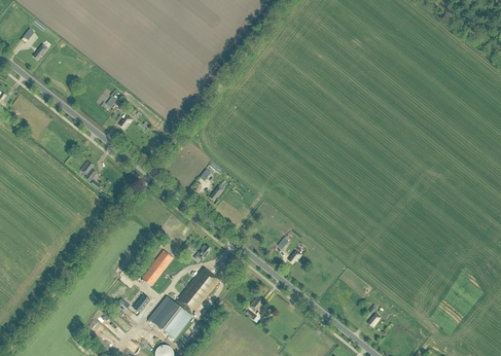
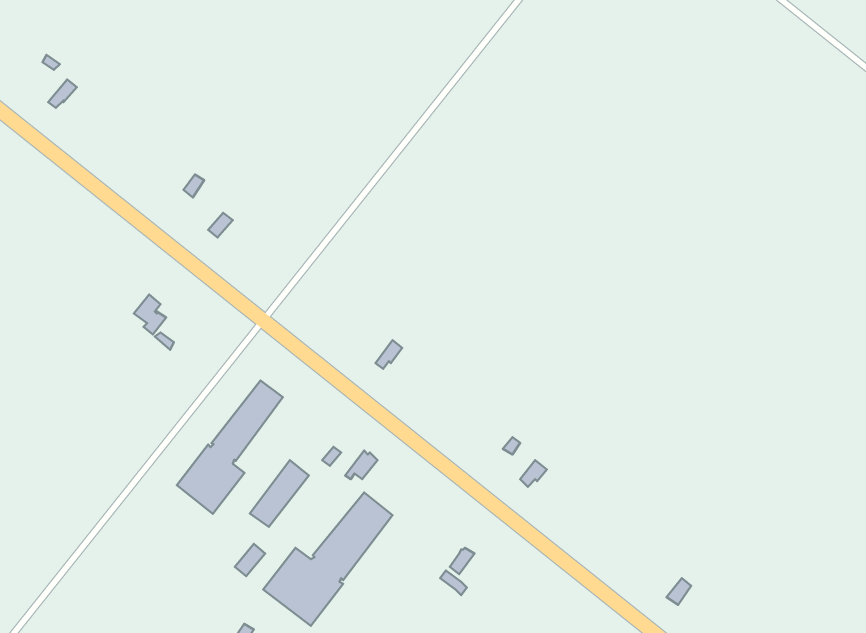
building: none -> [177,380,283,514]

